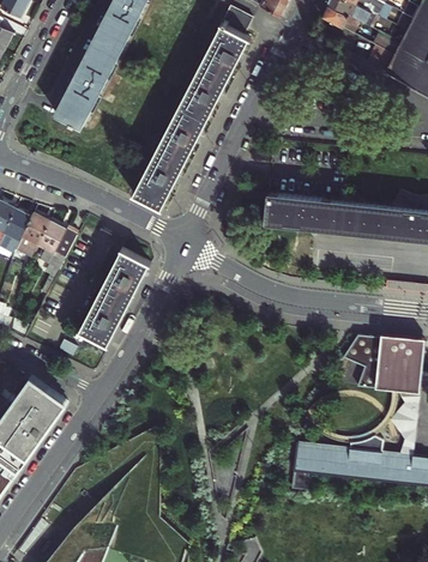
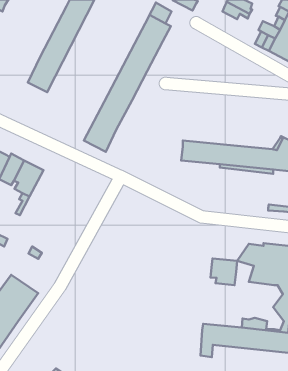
building: [78,248,150,345] -> none
building: none -> [211,258,237,285]

